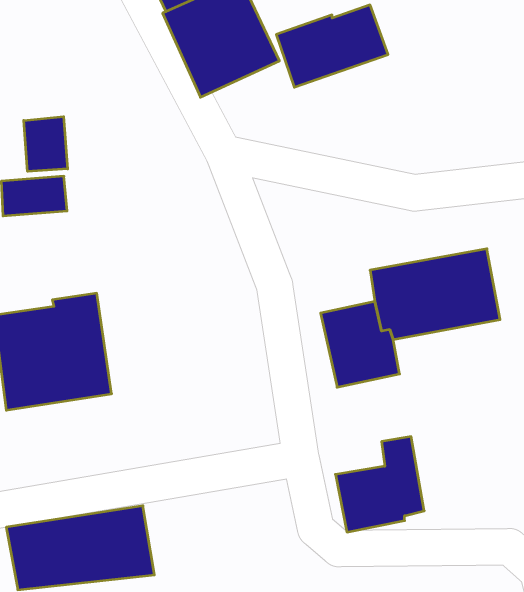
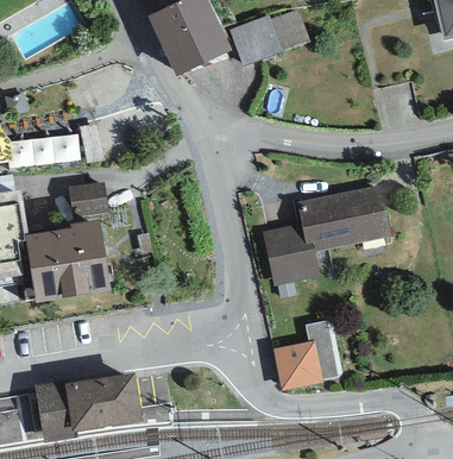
building: [24,117,68,171] -> none
building: none -> [68,182,108,216]

